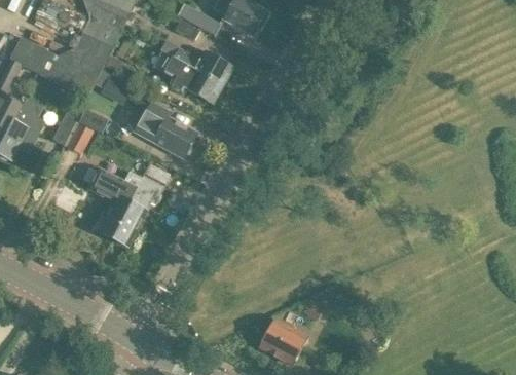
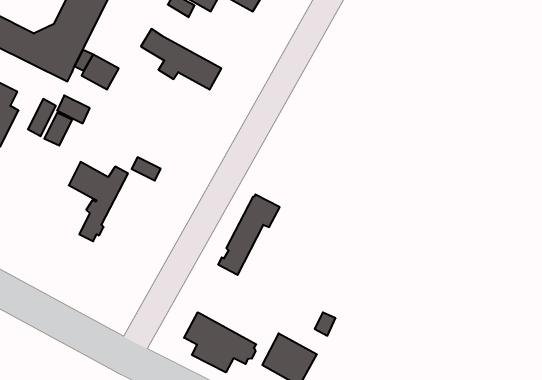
building: [172,47,232,85] -> none
building: [134,101,195,157] -> none
building: [109,176,163,247] -> [218,194,280,275]
building: none -> [184,312,256,372]

